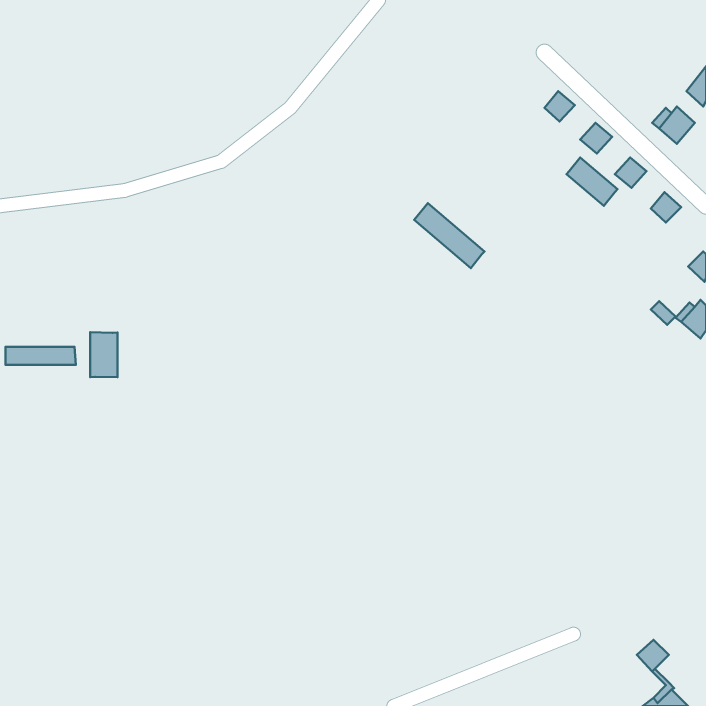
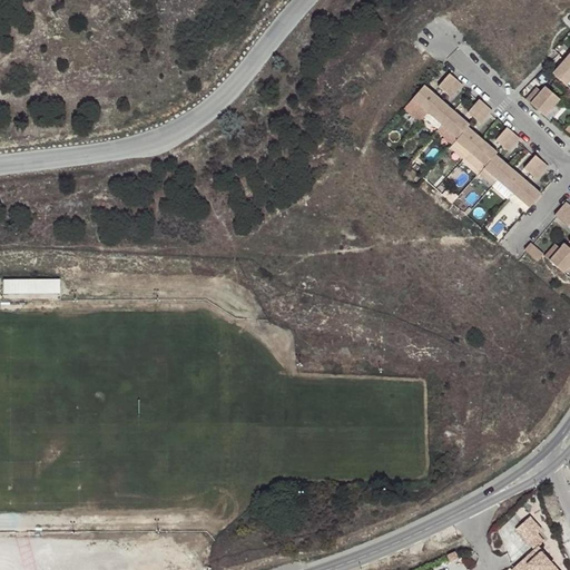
building: none -> [484,155,542,208]
building: [414,203,485,268] -> [413,86,470,138]
building: [90,332,117,377] -> none

